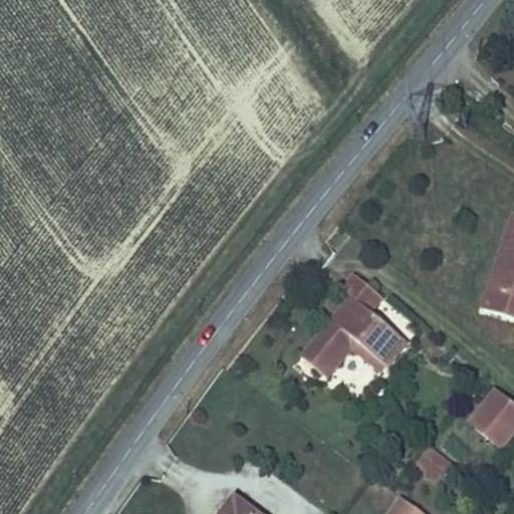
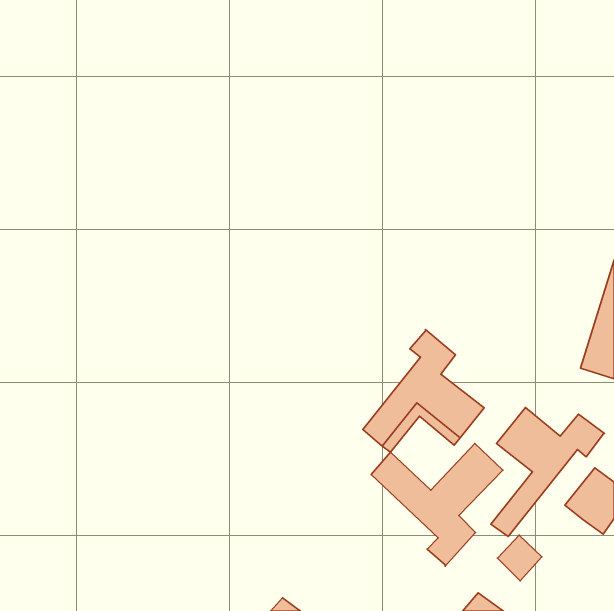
building: none -> [491,407,605,536]
building: none -> [371,444,503,566]

